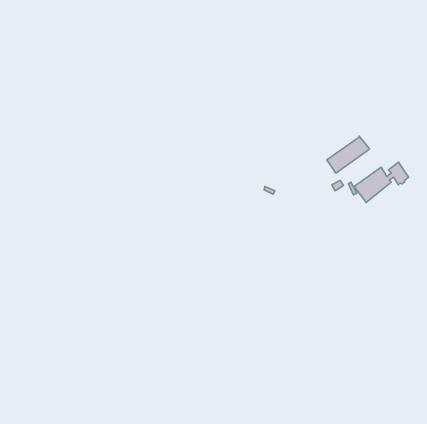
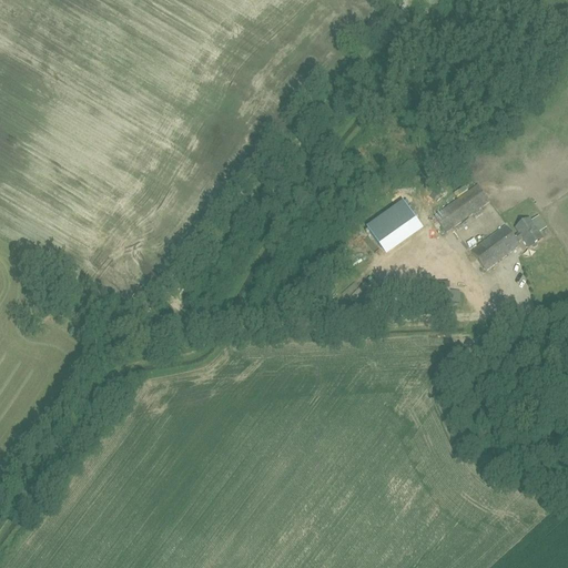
building: none -> [367,201,424,255]

